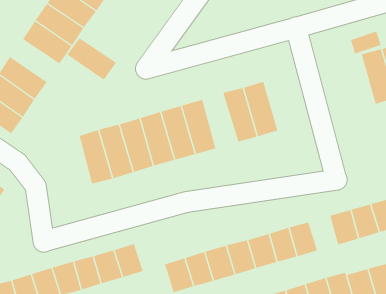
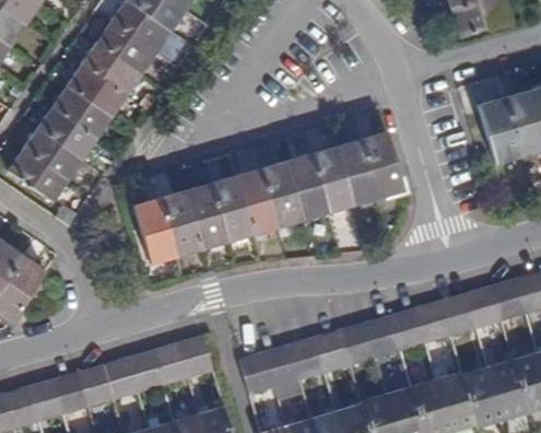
building: [67,38,117,81] -> [51,85,113,138]
building: none -> [361,129,404,197]
building: none -> [286,151,329,219]
building: none -> [415,301,450,343]

